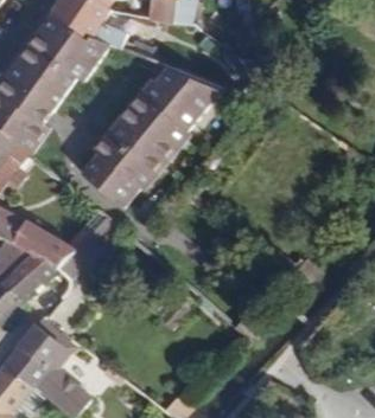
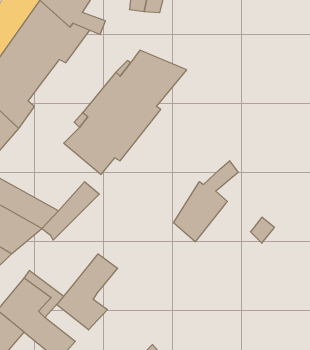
building: none -> [173,161,238,242]
building: none -> [57,254,118,330]

